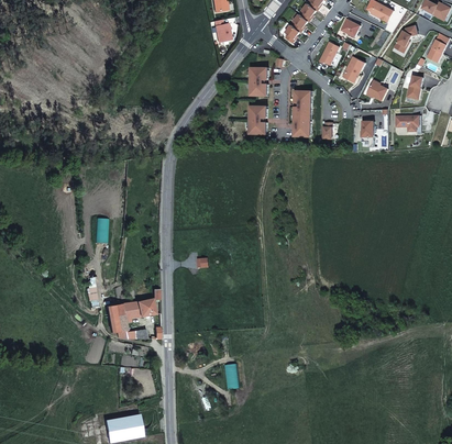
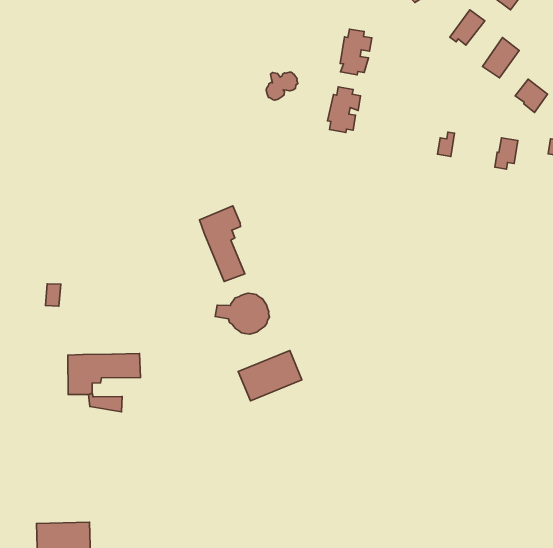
building: [293,90,311,136] -> none
building: none -> [199,206,245,282]
building: none -> [238,350,302,401]

